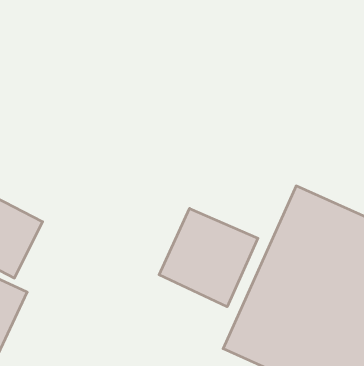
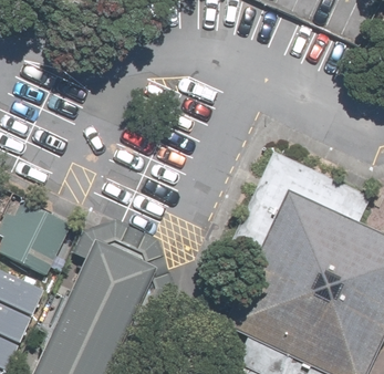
building: [159,208,258,307] -> none

